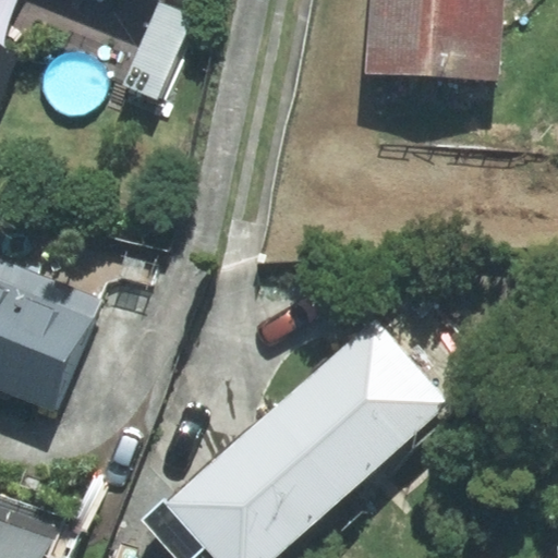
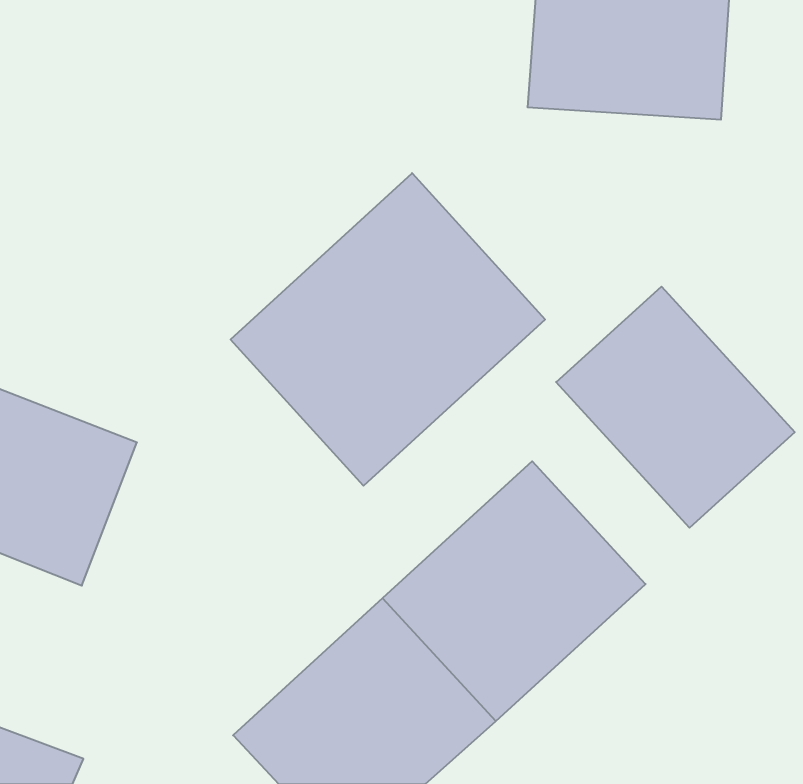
building: none -> [231,173,545,486]
building: none -> [556,287,795,528]

